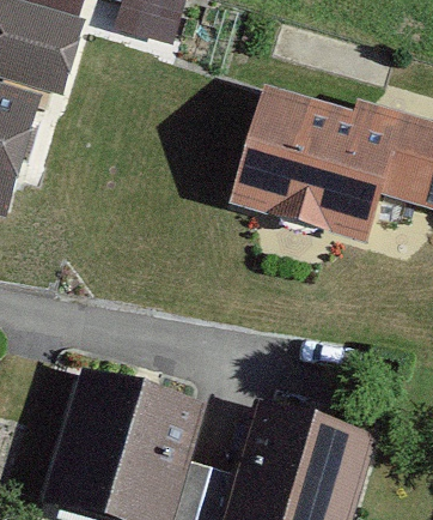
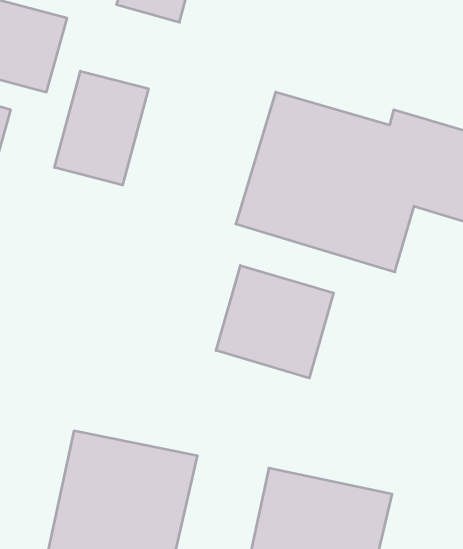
building: none -> [55,71,148,185]
building: none -> [216,265,334,378]

